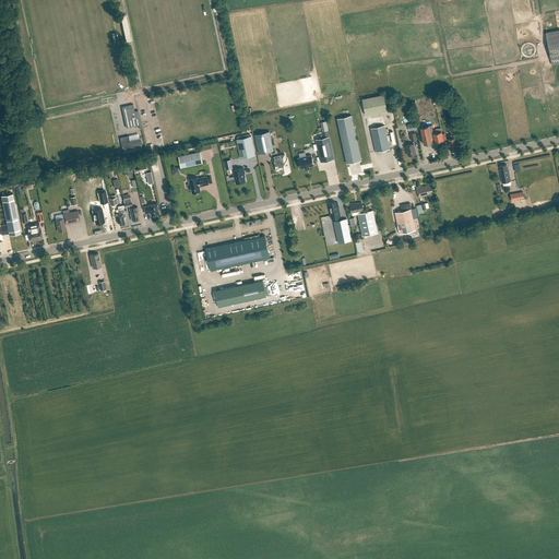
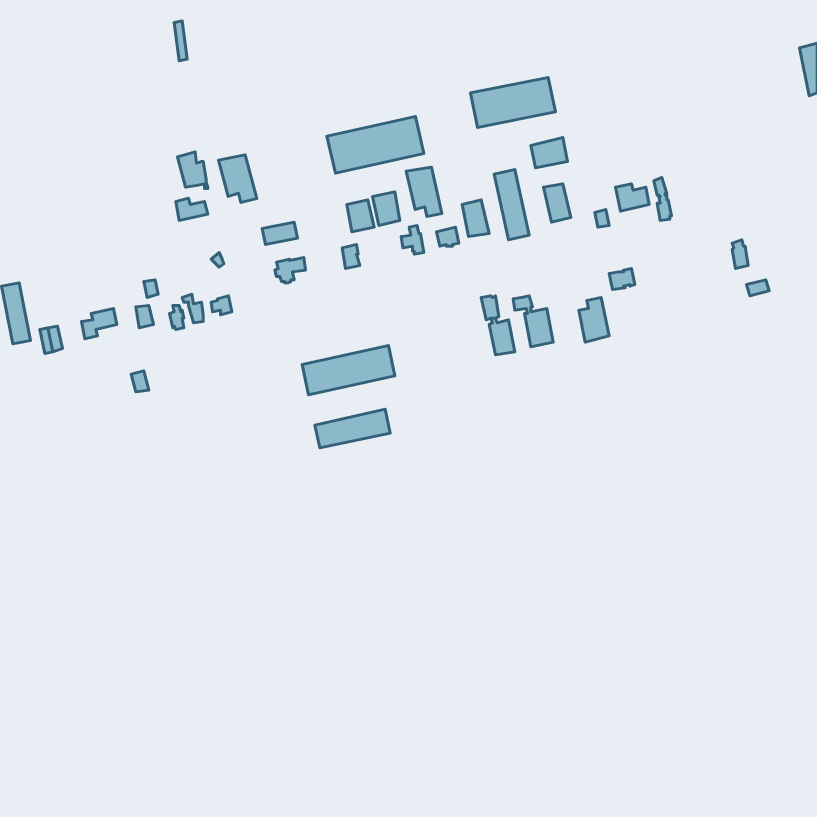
building: none -> [470,77,556,128]
building: none -> [327,116,424,173]
building: none -> [218,155,257,202]
building: none -> [406,167,442,216]

